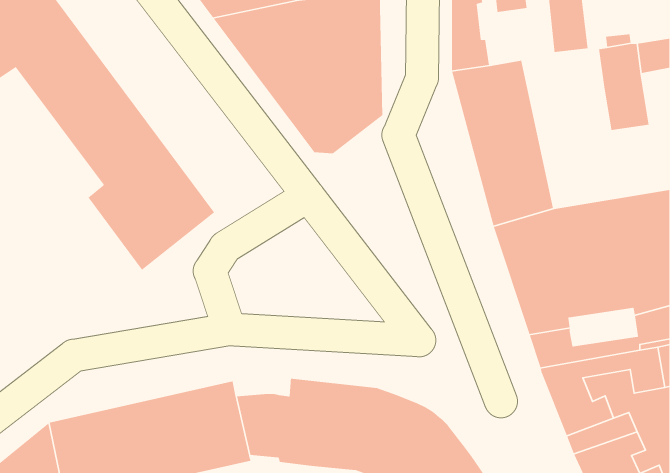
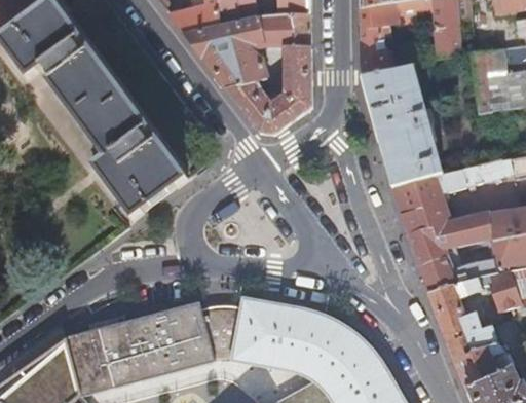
building: none -> [449,248,499,276]

